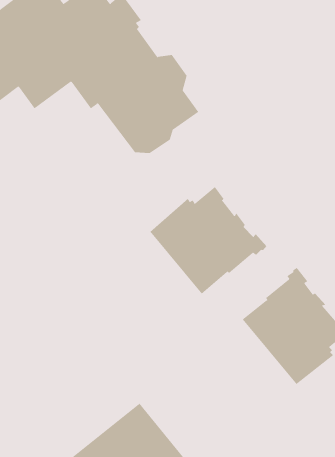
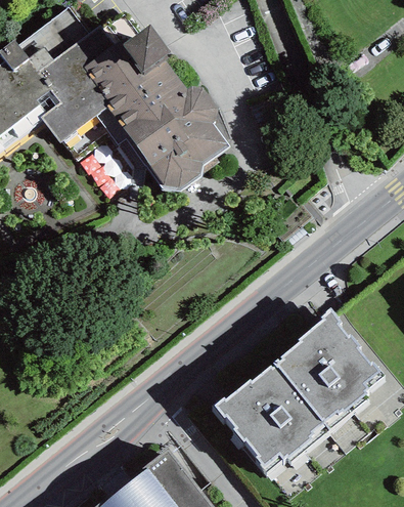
building: [149,186,267,294] -> none
building: none -> [213,363,329,473]

